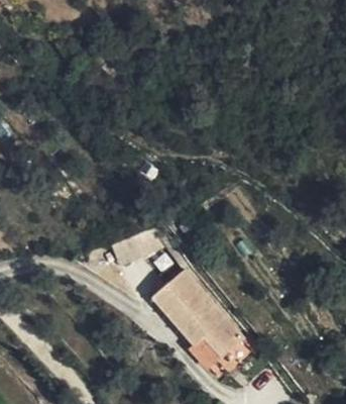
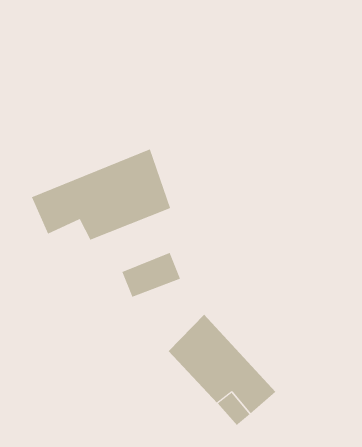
building: none -> [31,149,171,241]

